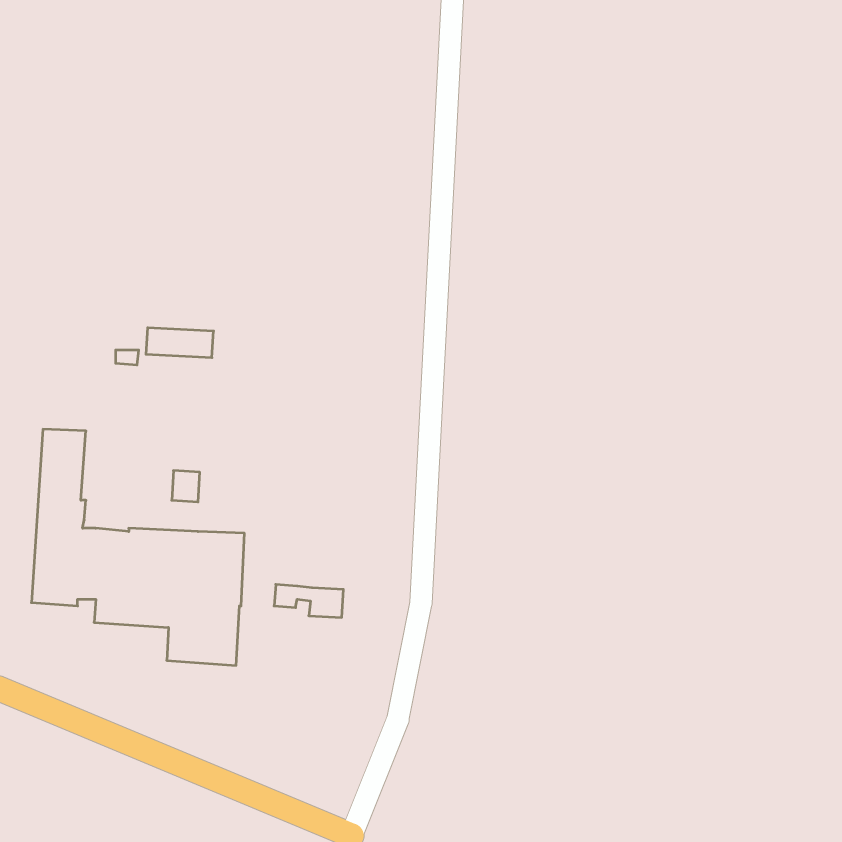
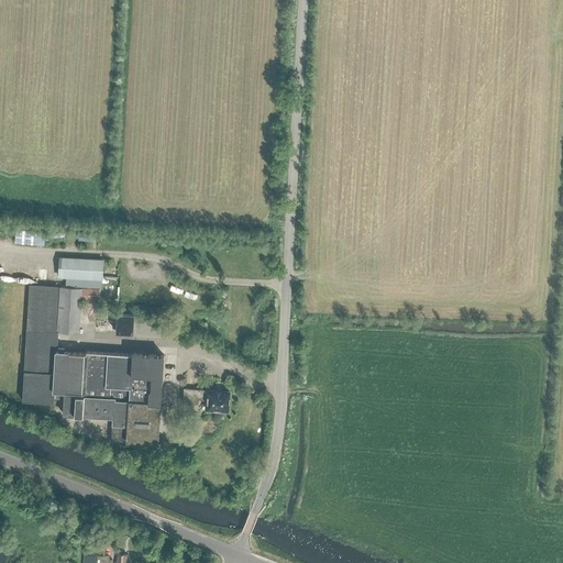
building: [146,328,214,358] -> [57,261,102,280]
building: none -> [56,288,81,334]

